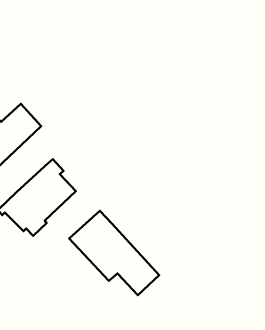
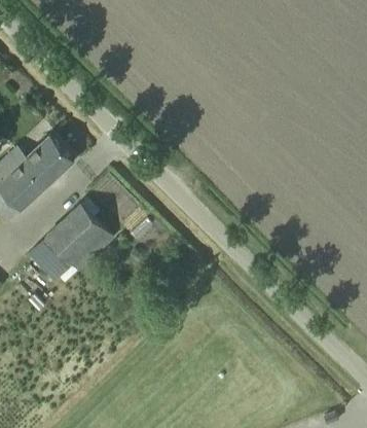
building: [69,211,159,295] -> none

